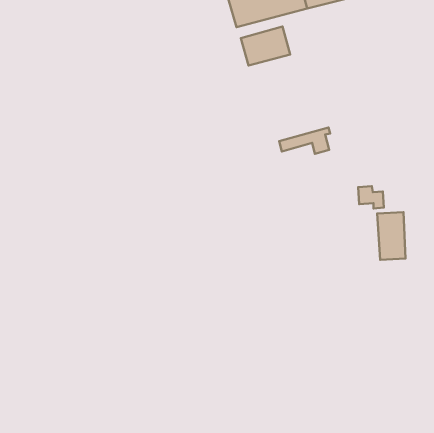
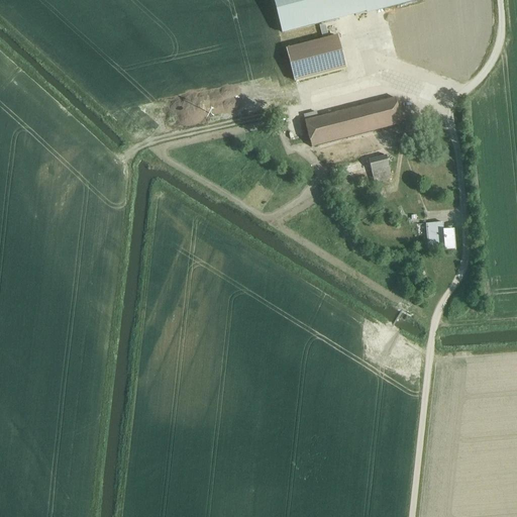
building: none -> [305,93,403,144]
building: [377,212,405,260] -> none

